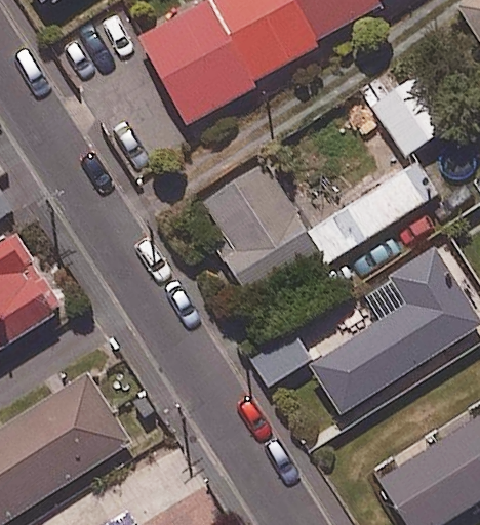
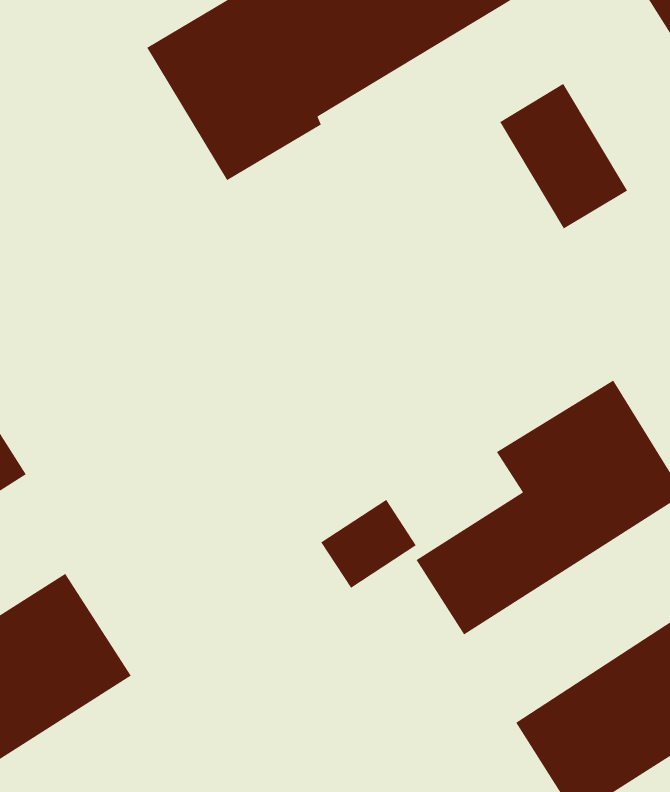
building: [200,159,437,298] -> none

